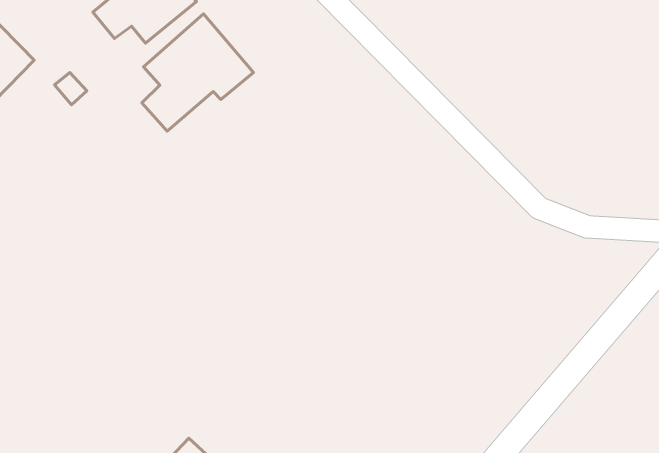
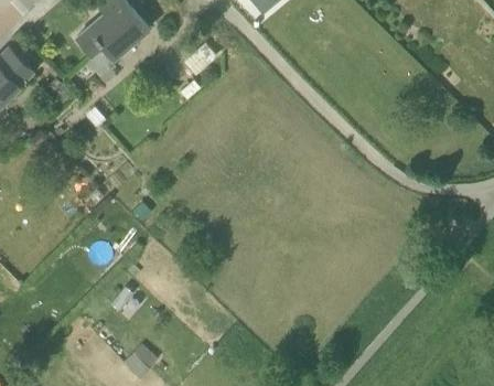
building: [142,14,253,131] -> none

